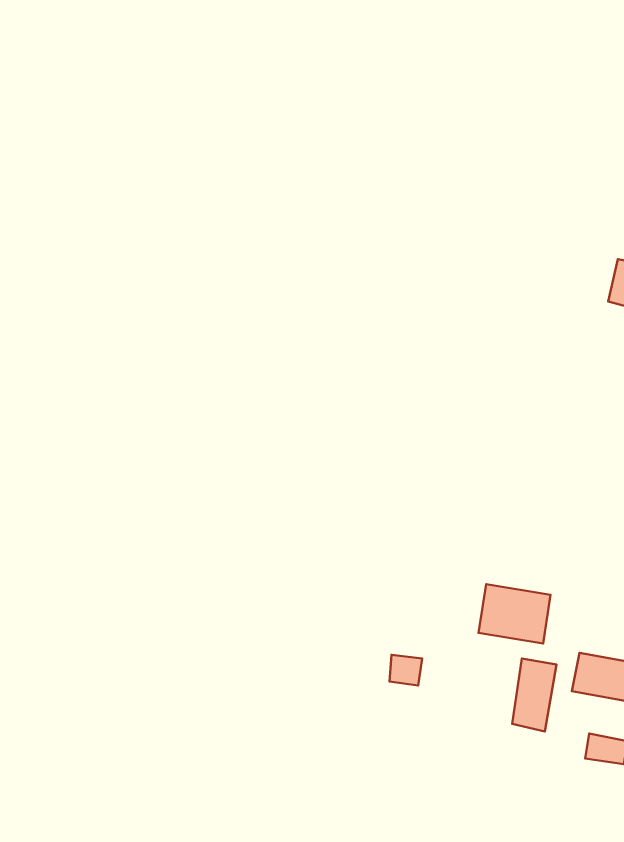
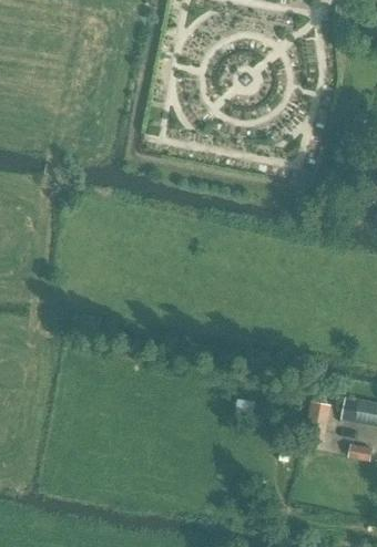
building: [479,584,551,643] -> none

